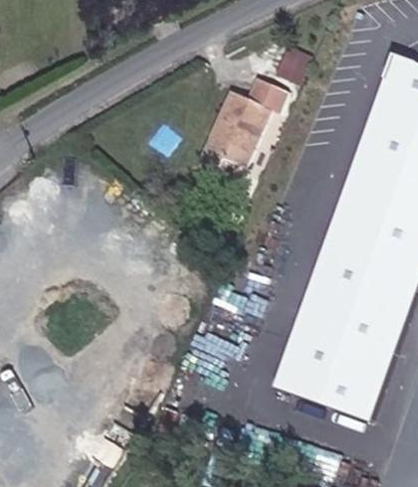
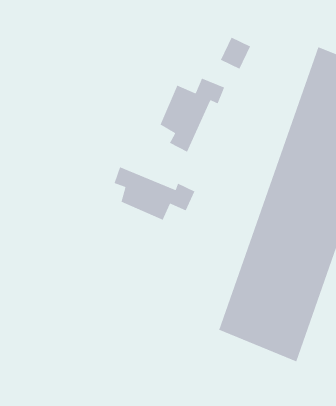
building: none -> [114,166,196,221]

